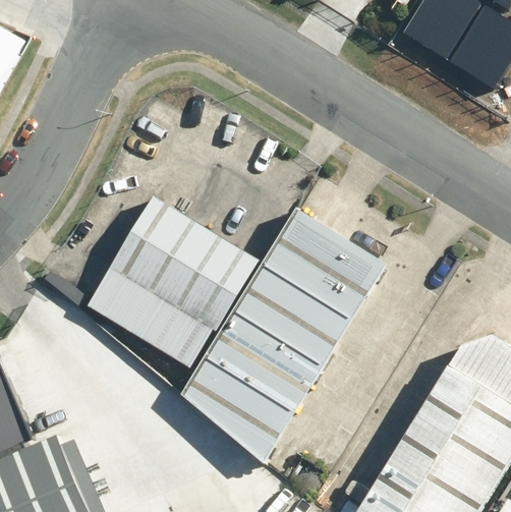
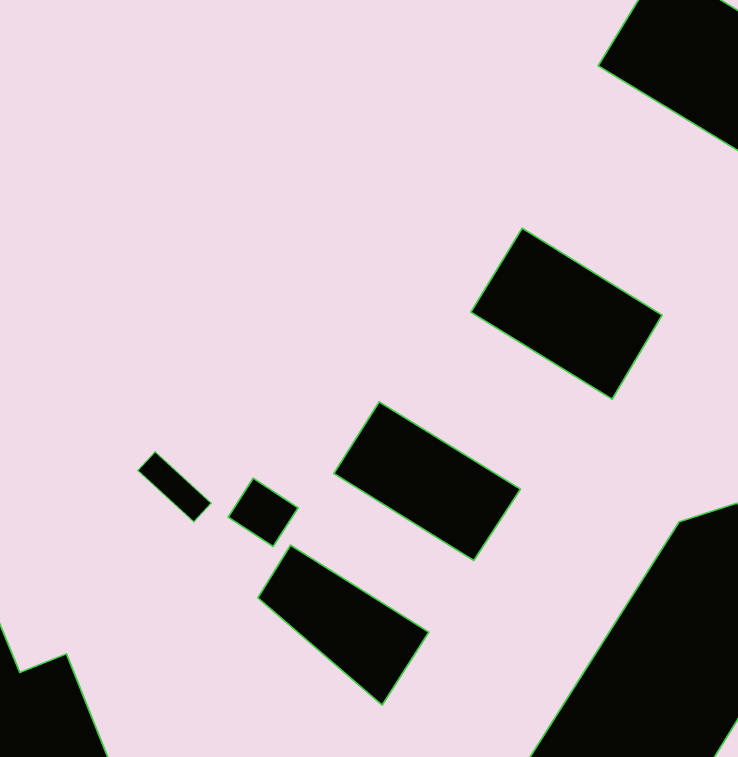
building: [111,191,256,324] -> none
building: [264,211,389,323] -> [471,228,662,399]
building: [206,312,326,416] -> none

